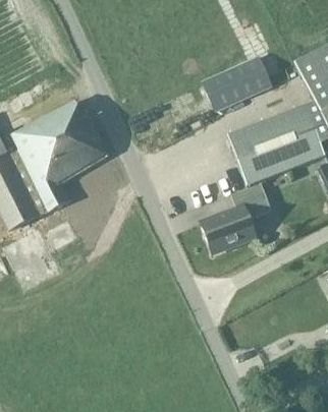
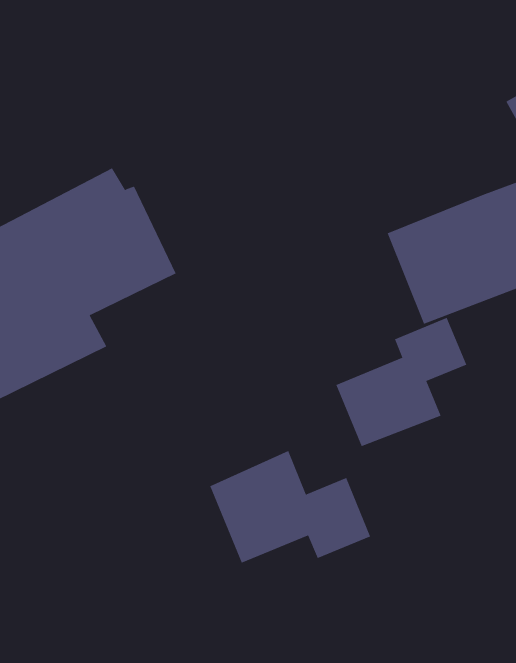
building: [201,54,272,111] -> none
building: none -> [209,450,371,563]

